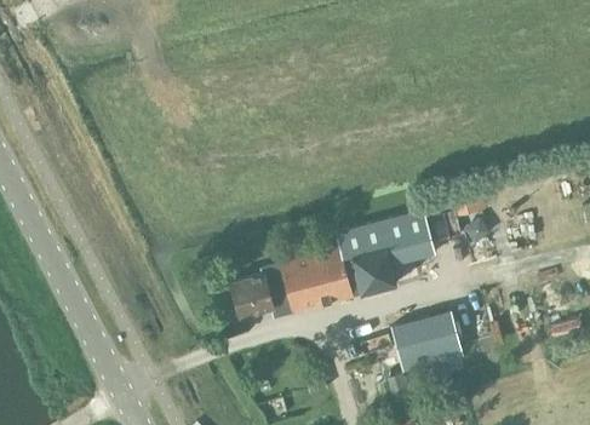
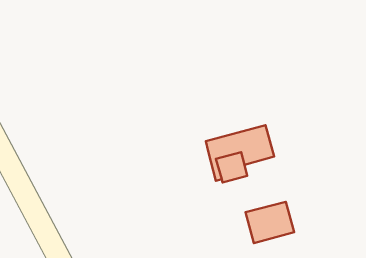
building: [233,247,354,316] -> none

